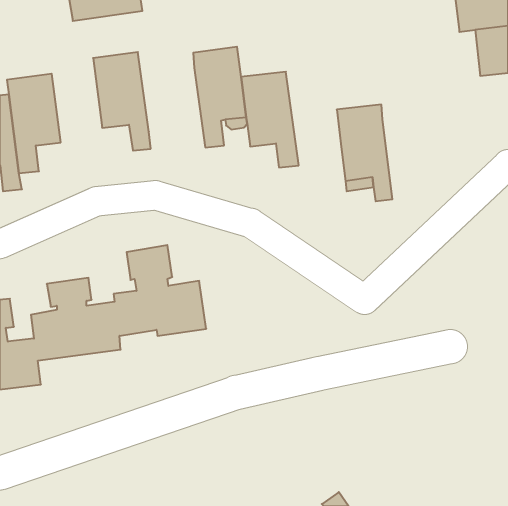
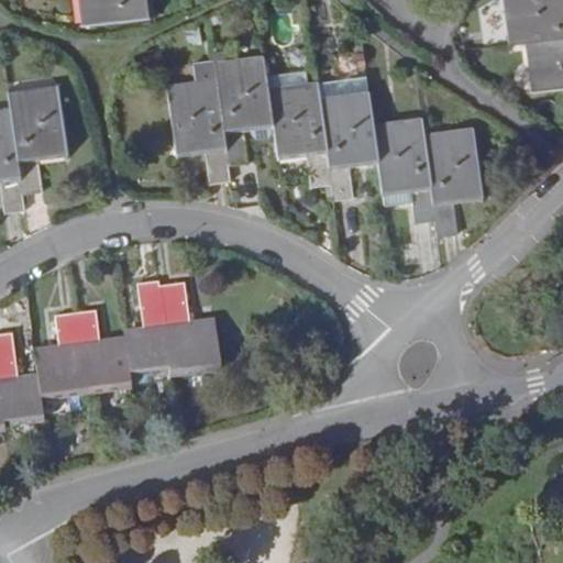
building: [93,52,151,151] -> [165,75,229,184]
building: none -> [319,89,377,199]
building: none -> [422,125,482,235]

